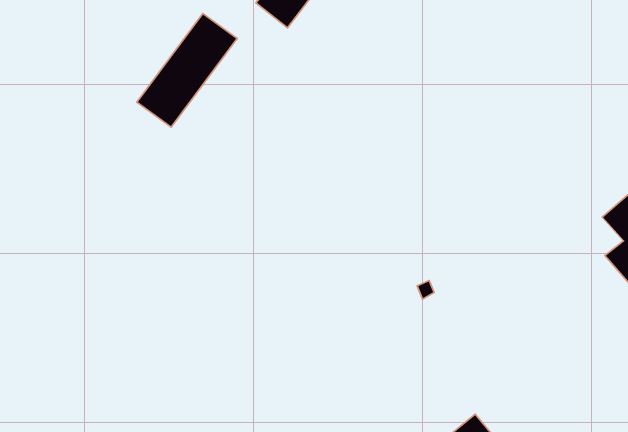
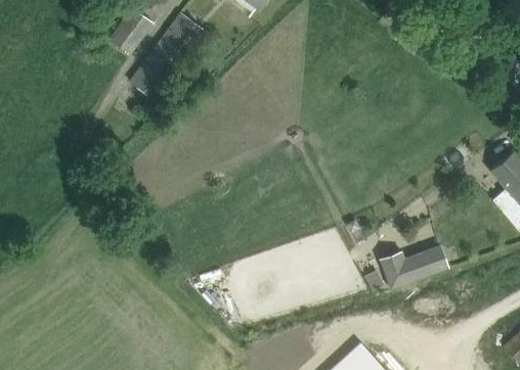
building: none -> [109,9,151,56]
building: none -> [377,252,448,291]

